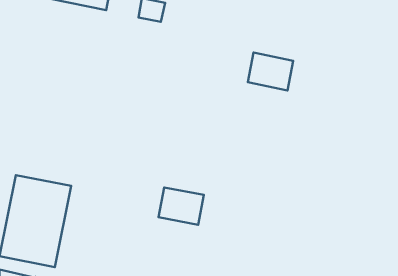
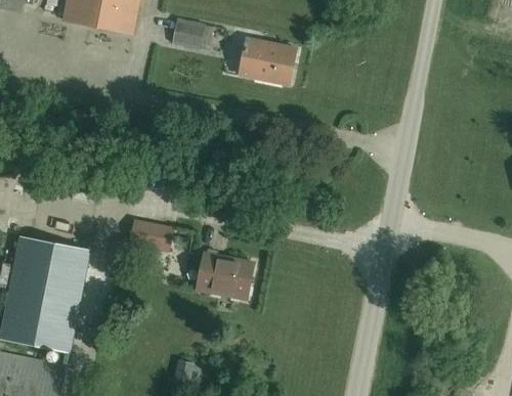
building: [248,52,293,91] -> [239,38,295,85]
building: none -> [133,220,167,250]

